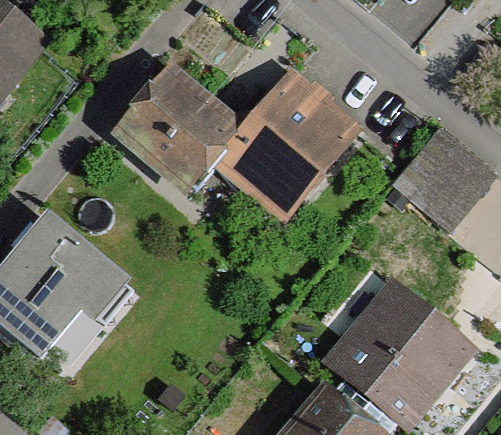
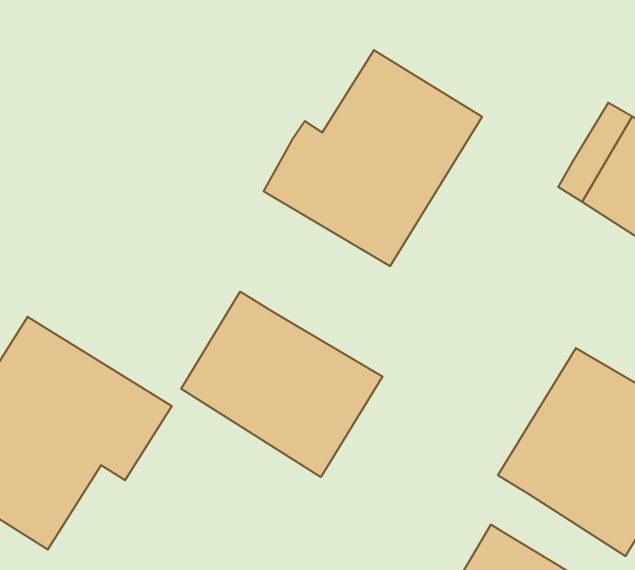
building: [125,73,234,183] -> none
building: none -> [181,292,383,477]

